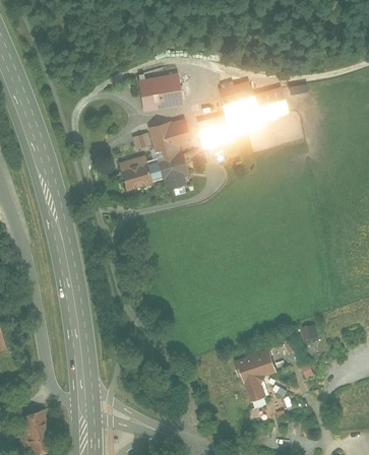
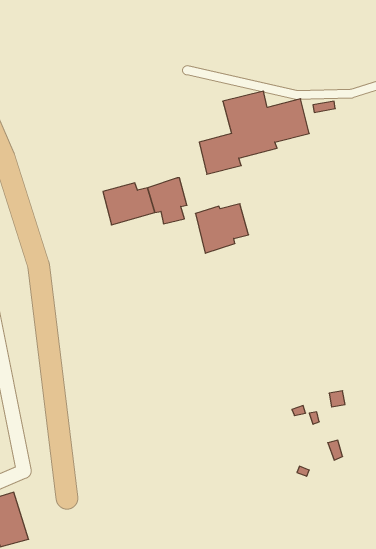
building: [138,71,182,110] -> none
building: [146,118,190,158] -> [195,204,249,253]
building: [229,346,280,400] -> none

